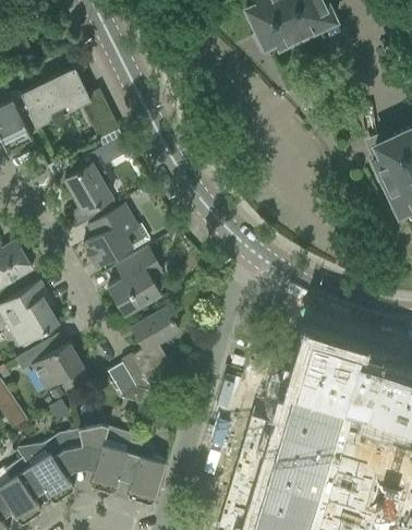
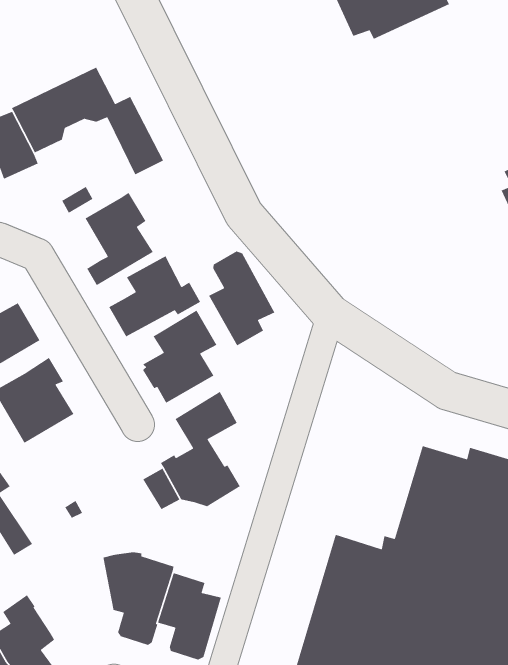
building: none -> [208,251,276,346]
building: [14,344,83,390] -> none
building: [15,431,85,505] -> none

